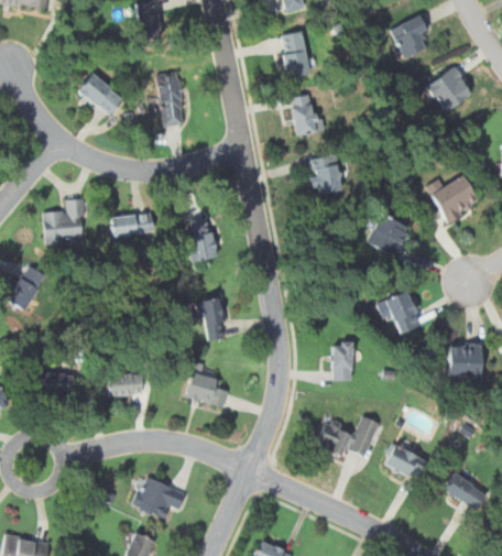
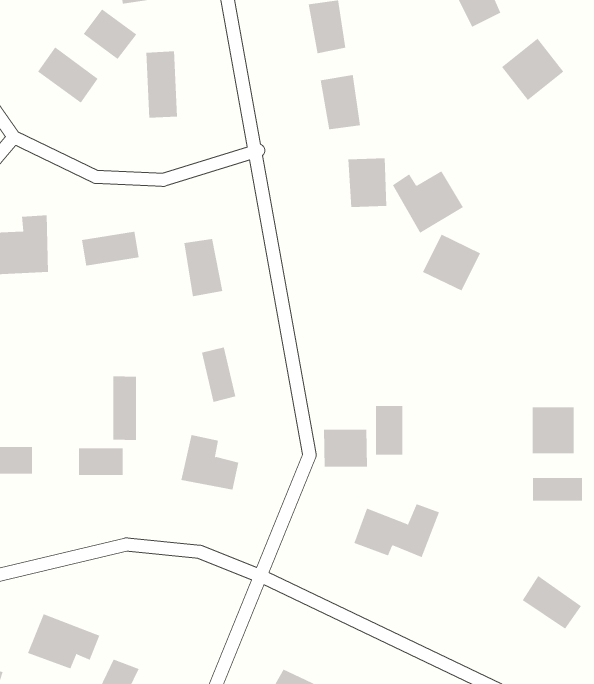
building: none -> [83,8,137,60]
building: [426,175,480,222] -> [392,171,464,233]
building: [376,288,424,332] -> none
building: none -> [113,376,136,441]
building: none -> [324,429,368,467]
building: none -> [532,477,583,502]
building: [383,443,424,479] -> none
building: [131,475,186,516] -> [27,614,100,669]

